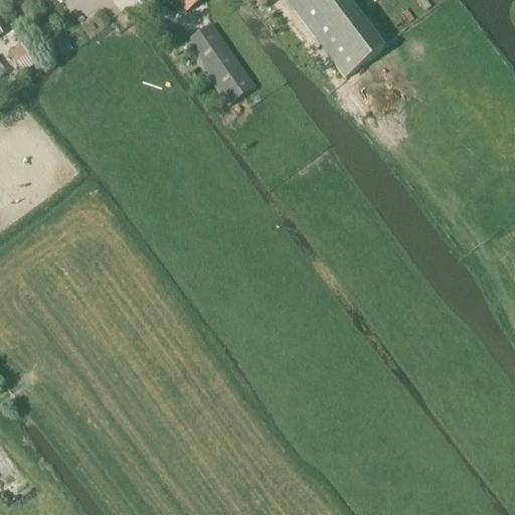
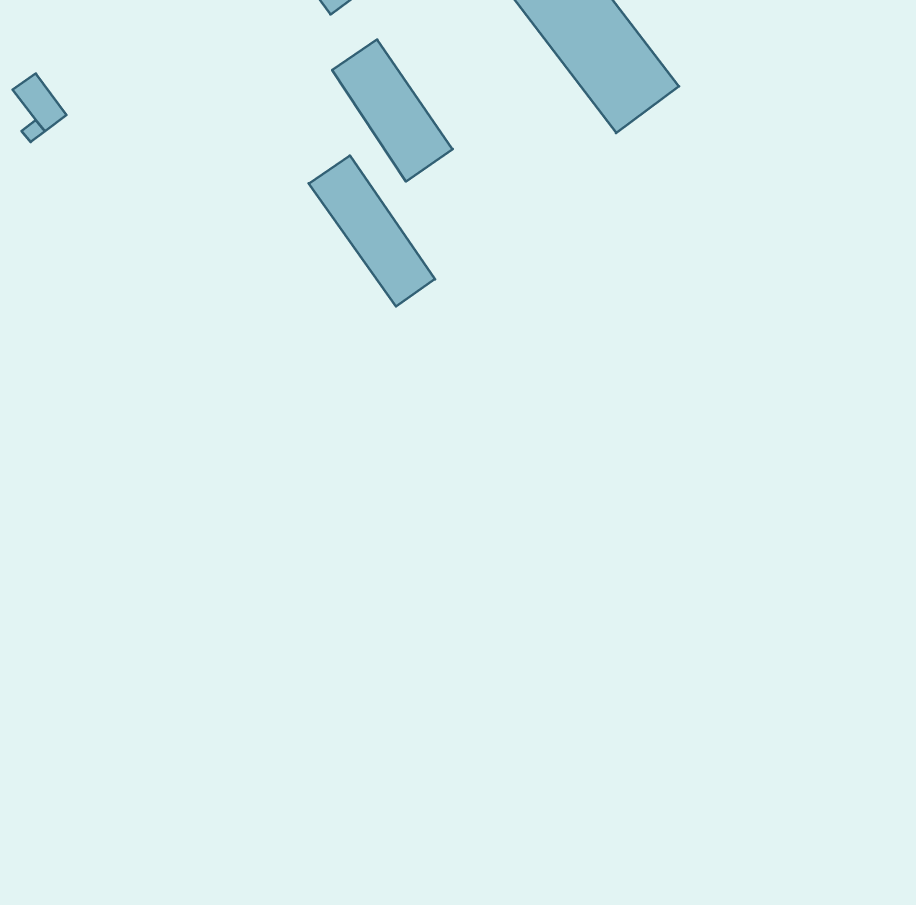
building: none -> [309,156,435,306]

